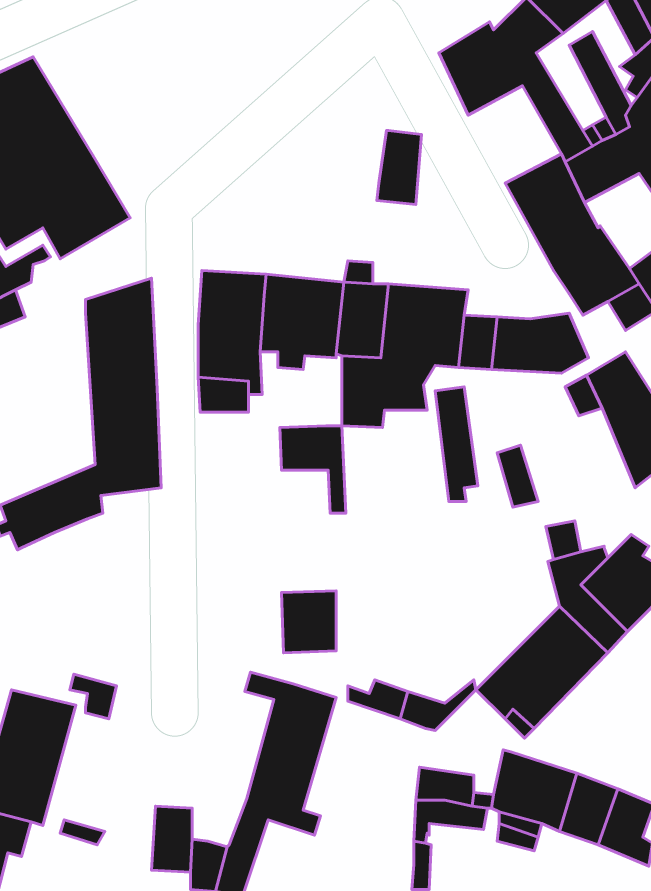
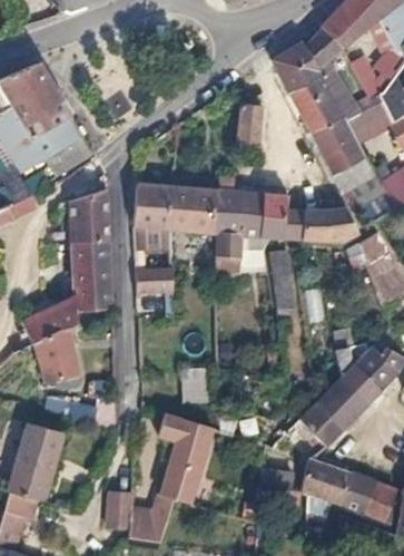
building: none -> [288,77,342,133]
building: [280,426,346,513] -> [136,267,174,318]
building: none -> [32,325,80,390]

